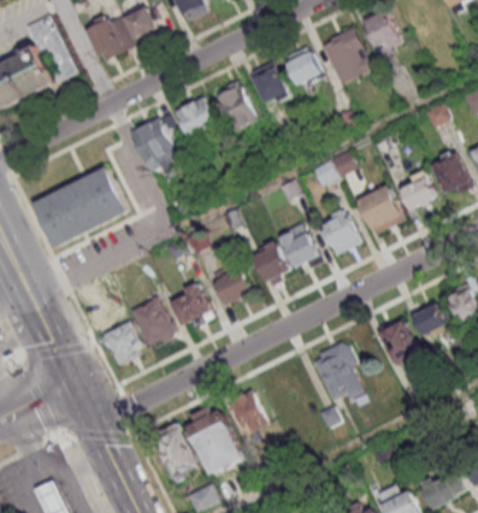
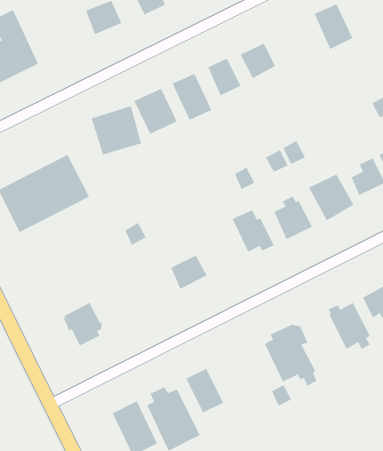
building: [84,13,125,61] -> none
building: [320,26,372,84] -> none
building: [249,238,290,287] -> none
building: [170,282,211,328] -> none
building: [130,291,175,344] -> none

